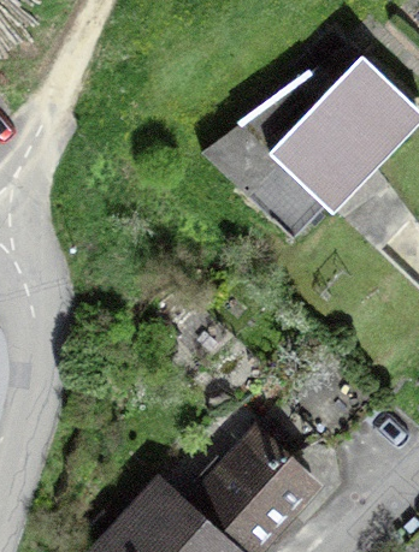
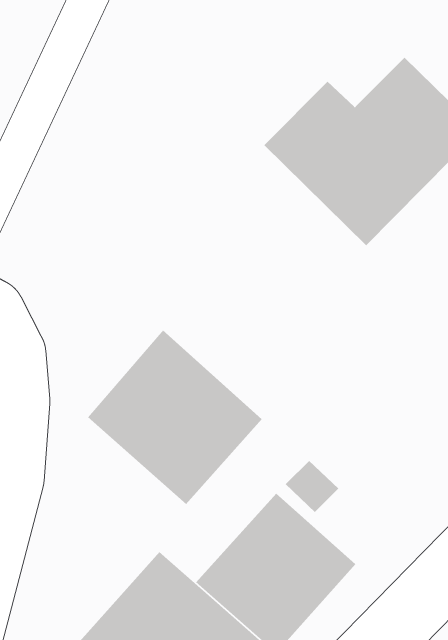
building: none -> [87,330,263,505]

